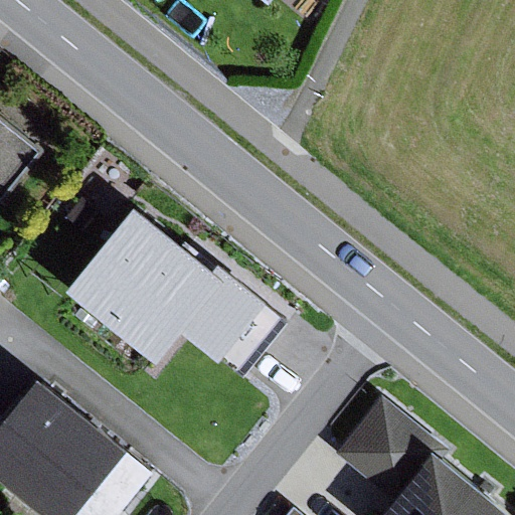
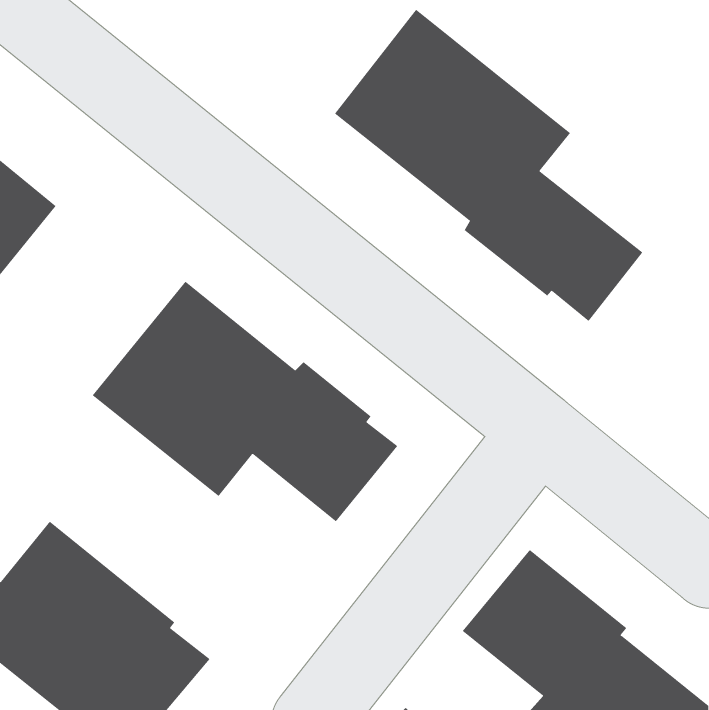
building: none -> [334,9,643,322]

